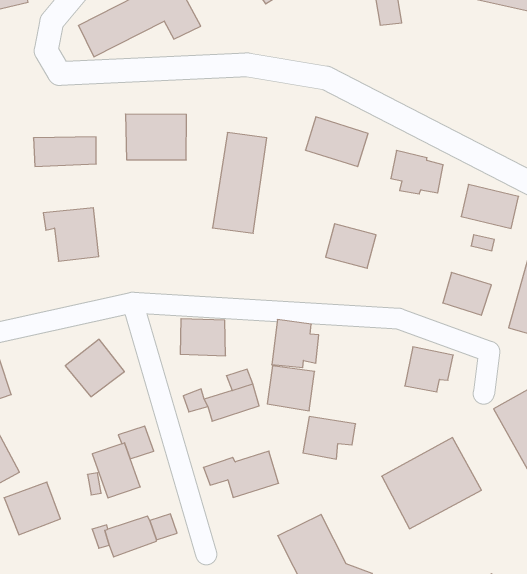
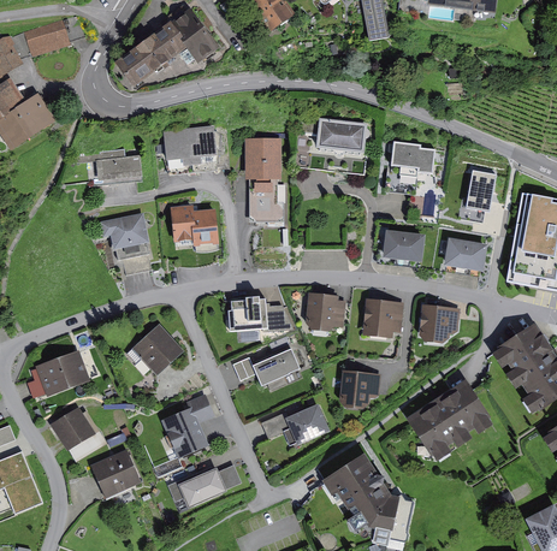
building: none -> [171,202,219,251]
building: [326,224,376,268] -> [384,229,425,263]
building: [267,366,315,411] -> [363,300,401,334]

